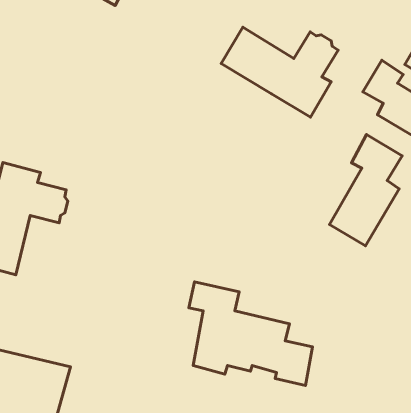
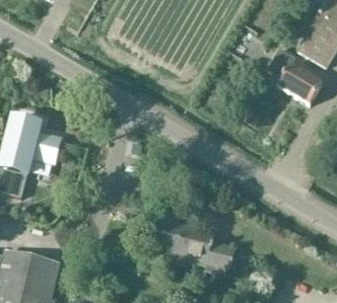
building: [221,27,338,117] -> none
building: [329,135,402,246] -> none

